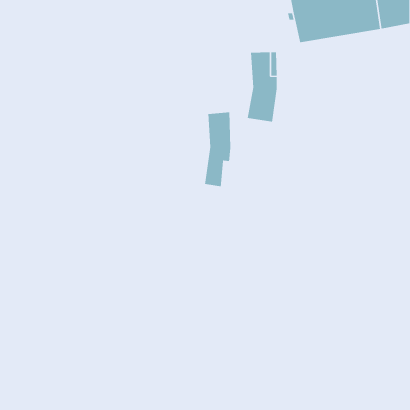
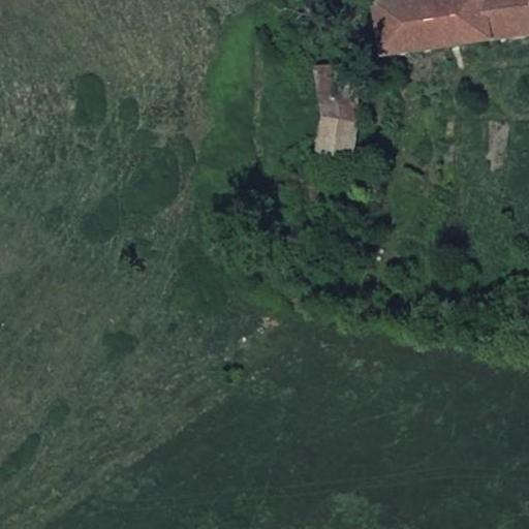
building: [204,112,231,187] -> none

